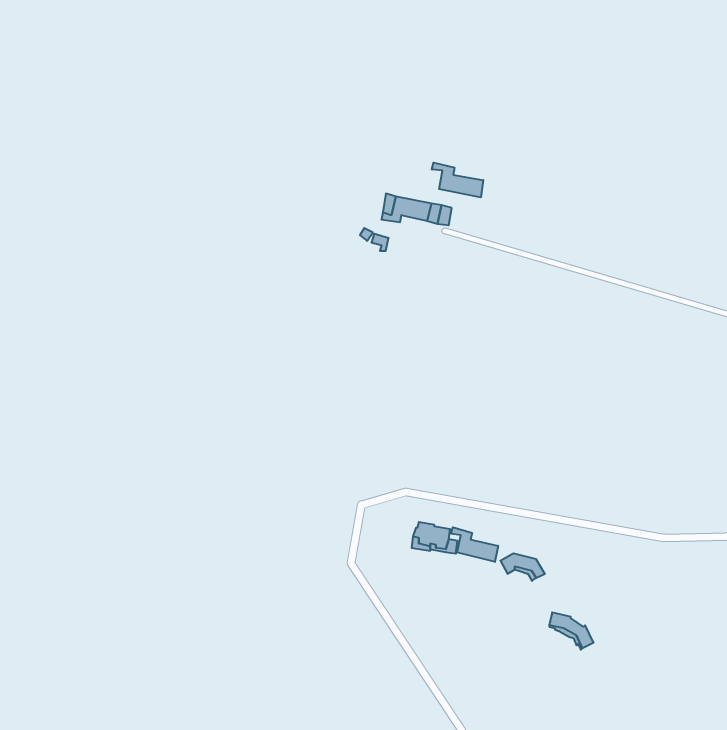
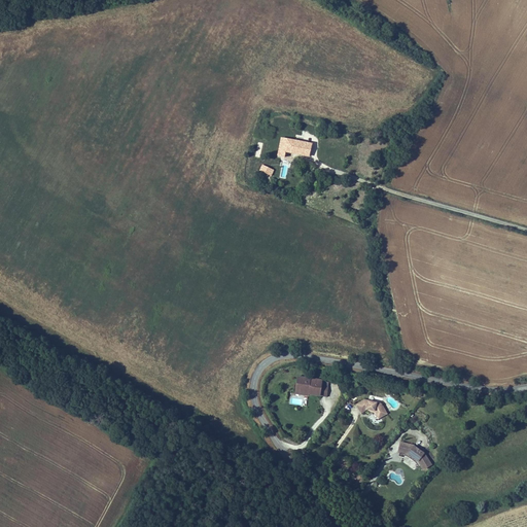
building: [432,163,483,197] -> none
building: [451,527,498,562] -> none

